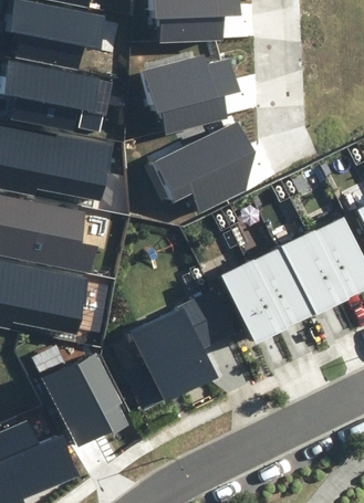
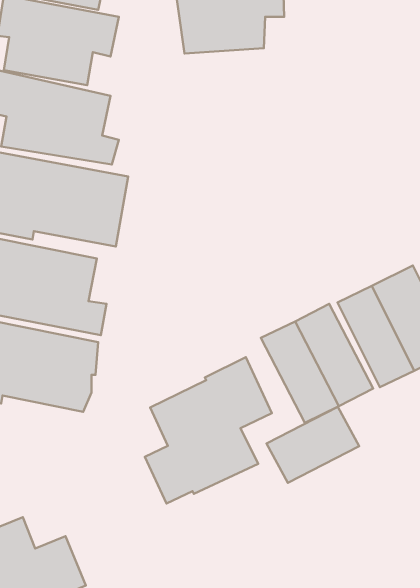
building: [144,54,238,132] -> none
building: [153,122,256,210] -> none
building: none -> [267,407,359,483]
building: [42,350,127,448] -> none

